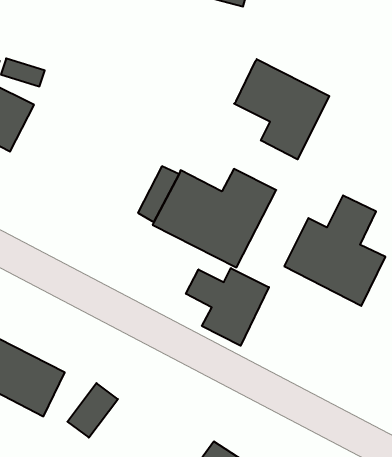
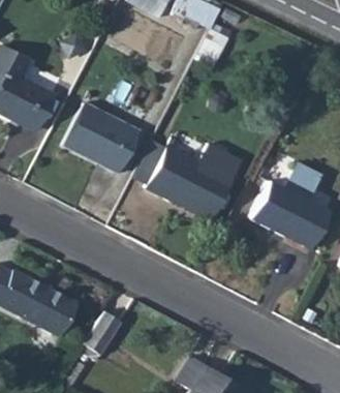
building: [234,59,329,159] -> none
building: none -> [66,103,142,174]
building: [186,268,269,346] -> none

